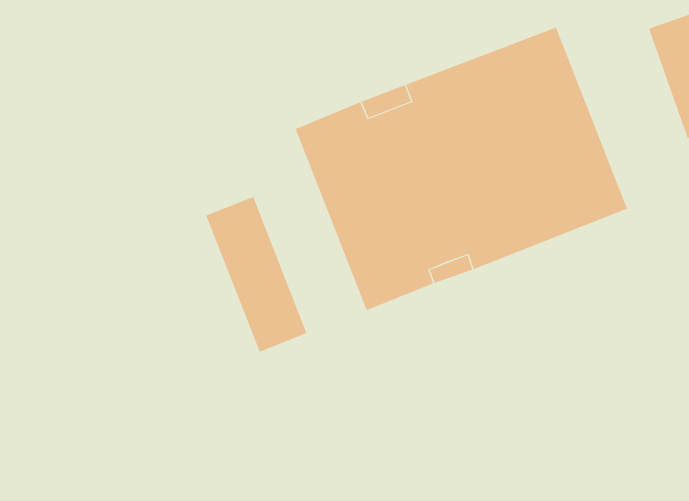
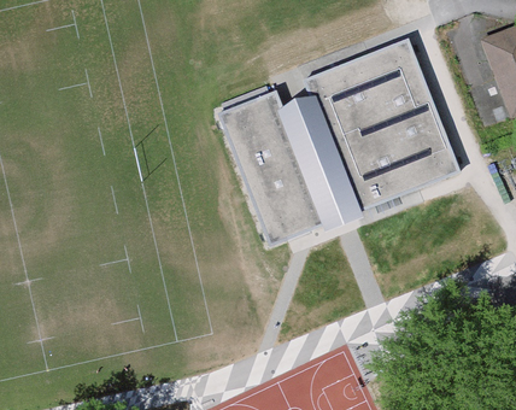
building: [205,196,307,353] -> none

